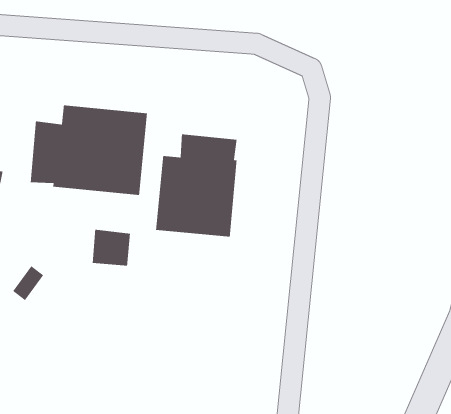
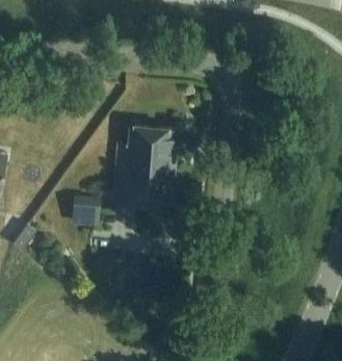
building: [30,105,148,196] -> none

